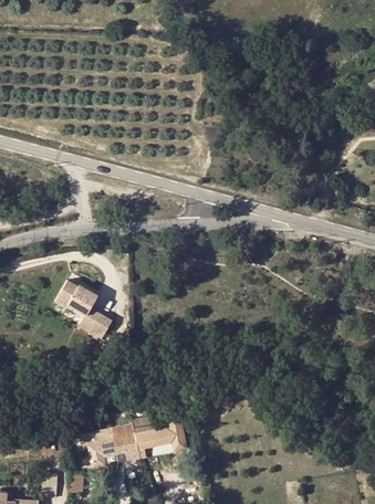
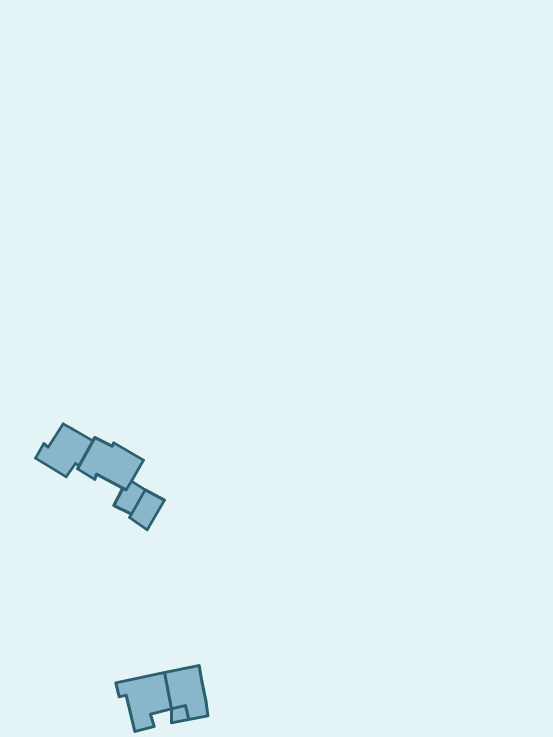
building: none -> [36,424,93,477]
building: [134,418,185,450] -> none

